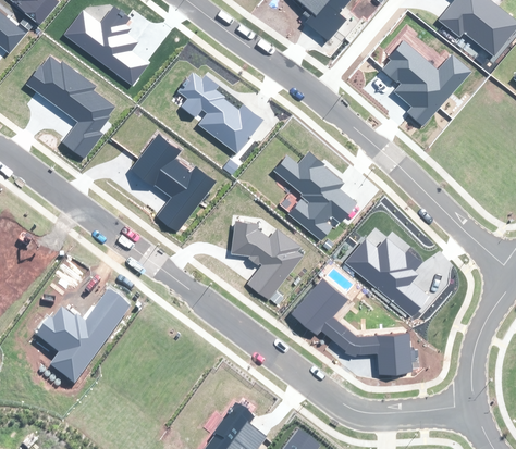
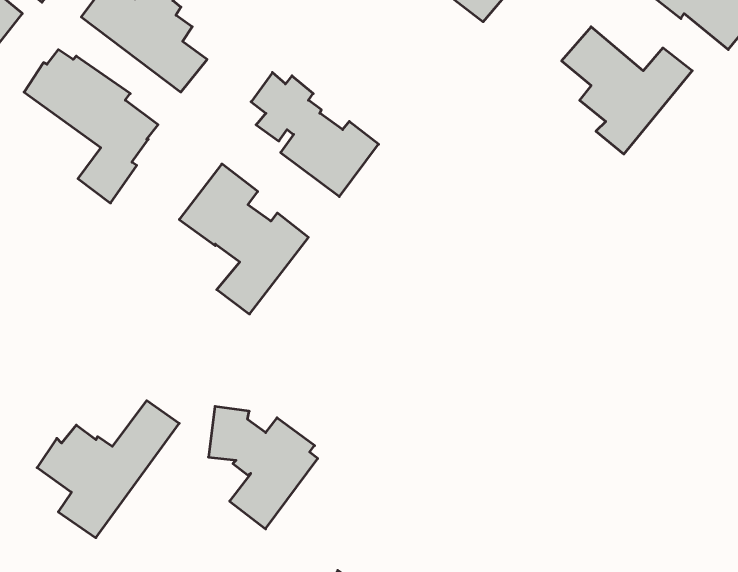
building: [273,152,355,241] -> none
building: [231,221,304,302] -> [208,406,318,529]
building: [344,237,428,317] -> none
building: [291,278,411,376] -> none

